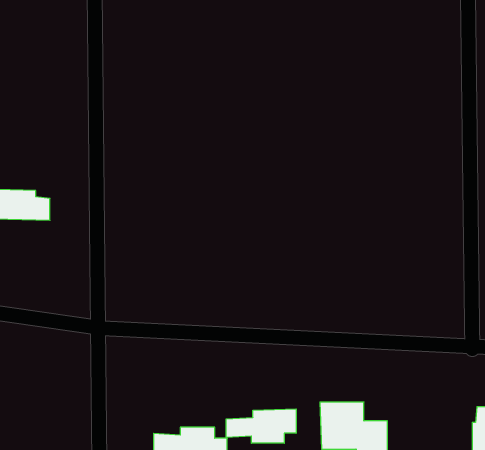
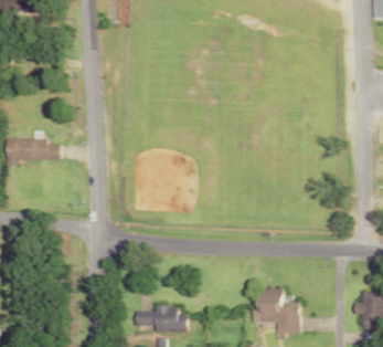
building: [226,409,296,443] -> none

